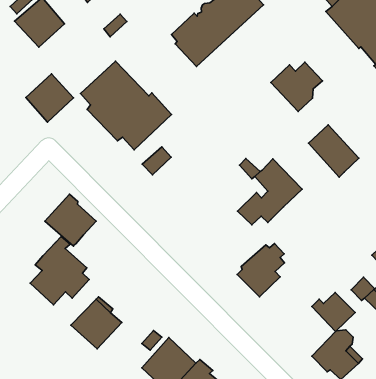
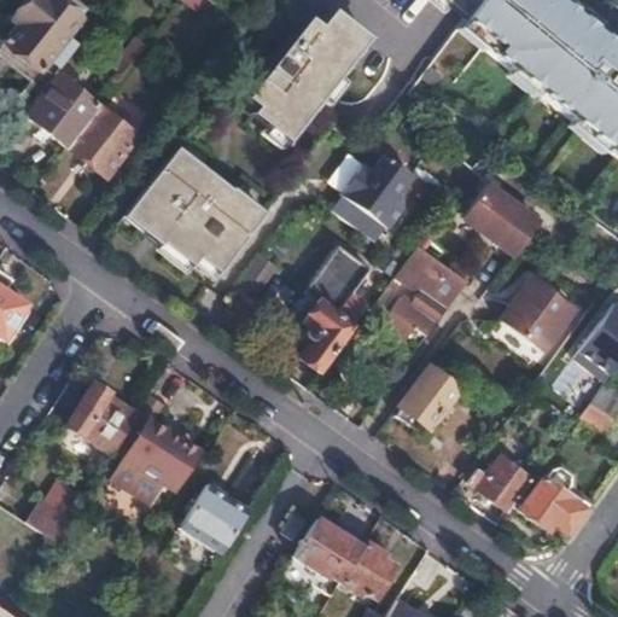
building: [271,62,323,111] -> [340,156,412,226]
building: [26,74,74,122] -> [69,107,135,175]
building: none -> [302,244,371,372]
building: [45,194,96,246] -> [68,382,139,453]
building: none -> [501,277,573,350]
building: [312,292,355,332] -> [471,456,532,511]

